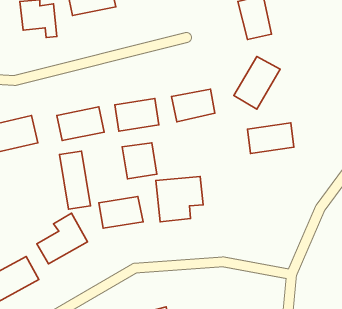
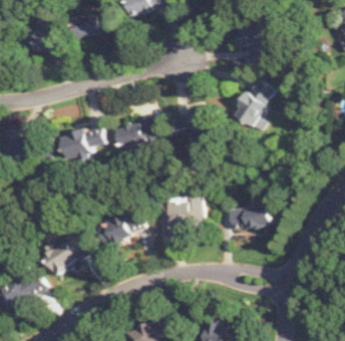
building: [248,123,294,153] -> [225,205,269,234]
building: [122,143,157,179] -> none
building: [60,151,90,209] -> none

